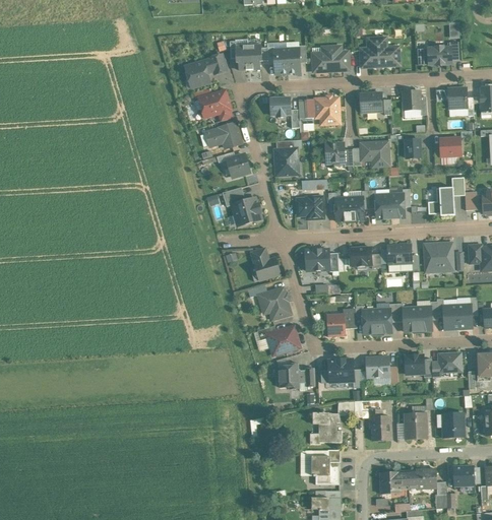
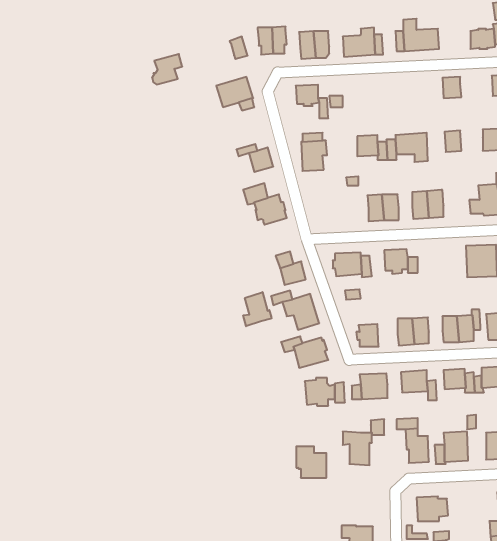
building: [186,59,213,86] -> [152,54,182,84]
building: [360,91,381,112] -> none
building: [314,96,340,124] -> none
building: [205,122,240,146] -> none
building: [297,196,323,217] -> none
building: [386,244,411,262] -> none
building: none -> [243,292,272,326]
building: [311,455,339,483] -> [296,446,326,478]
building: [407,468,436,488] -> none

